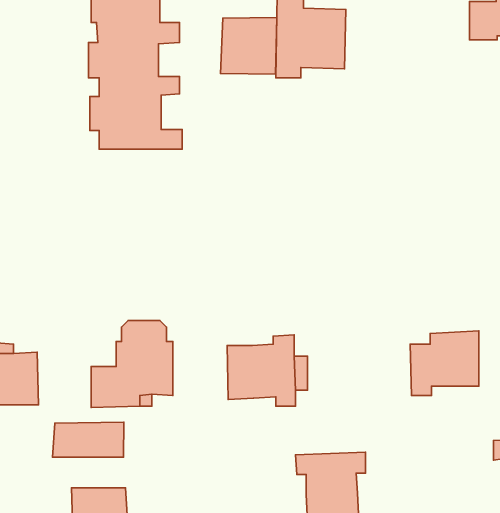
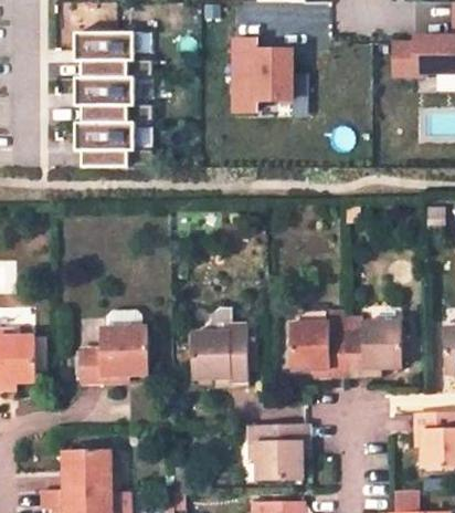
building: [221,17,277,74] -> none
building: none -> [289,323,346,376]
building: [53,422,124,457] -> none

